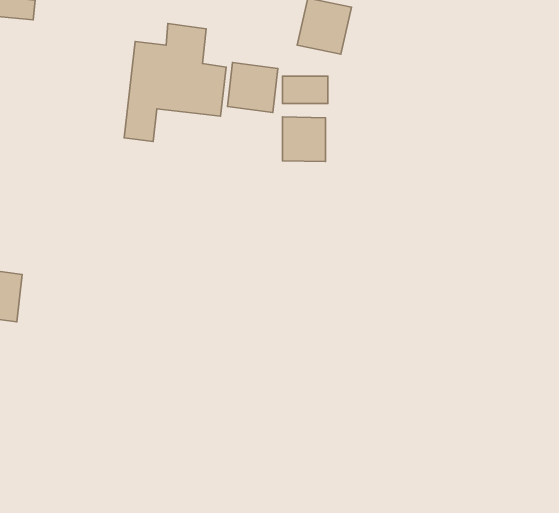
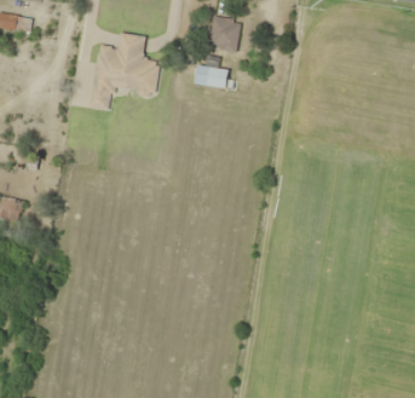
building: [228,63,278,113] -> none
building: [282,117,325,162] -> none

